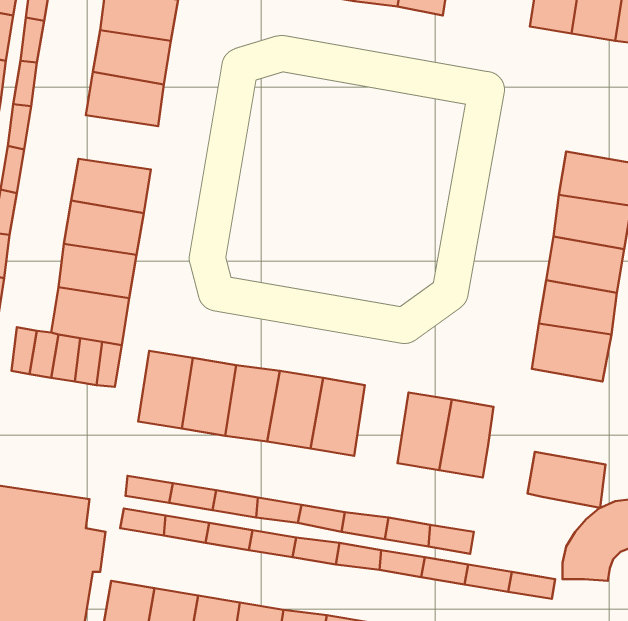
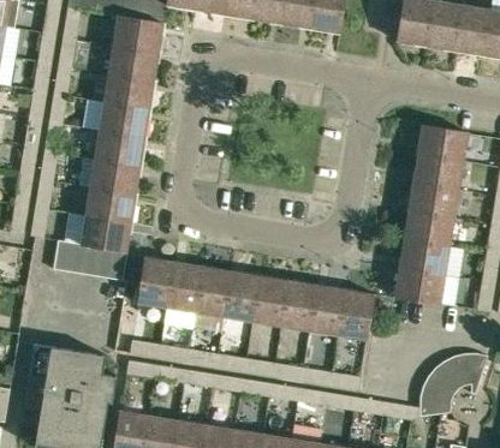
building: none -> [97,100,150,136]
building: none -> [280,279,316,330]
building: [528,452,605,508] -> [393,268,445,305]

